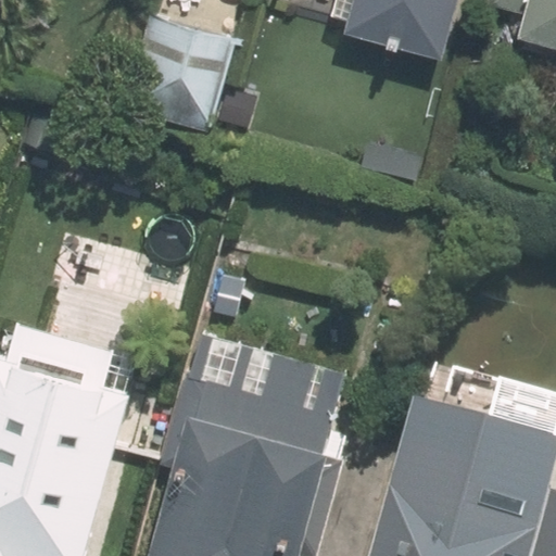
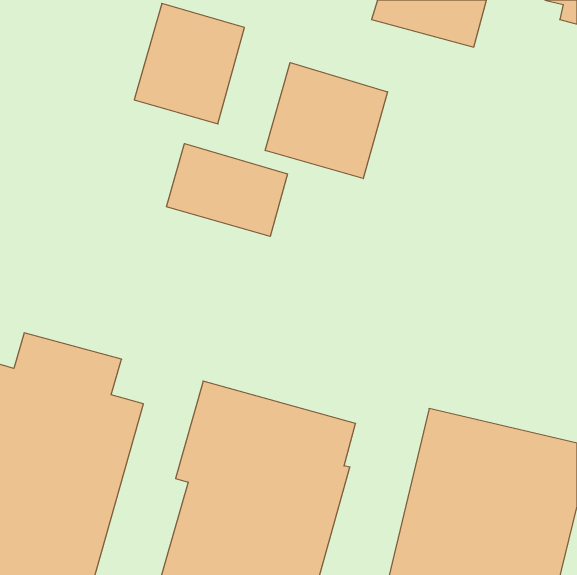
building: none -> [265,63,388,179]
building: none -> [167,144,288,236]

